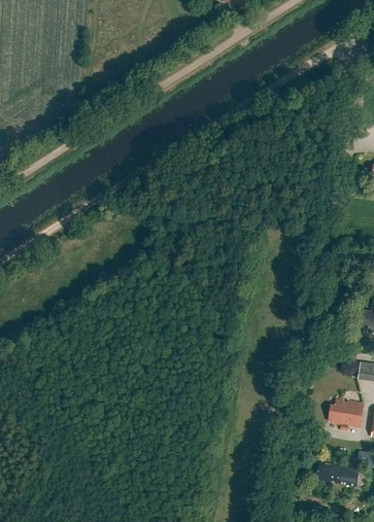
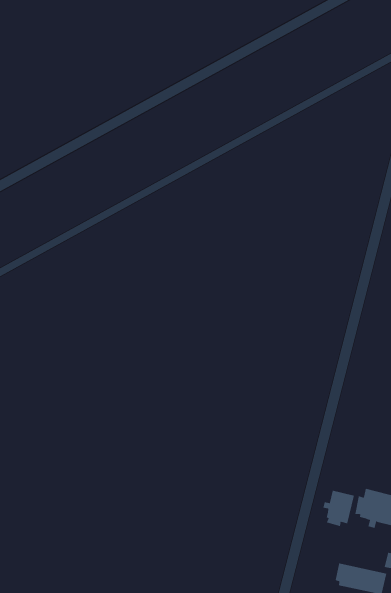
building: none -> [323,490,354,527]

